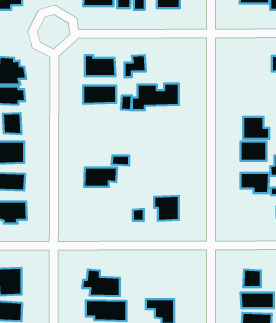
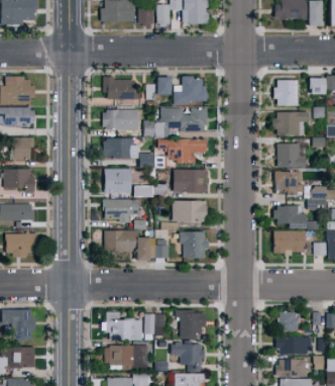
building: none -> [174,76,206,103]
building: none -> [274,79,299,105]
building: none -> [274,111,309,135]
building: none -> [103,138,137,158]
building: none -> [157,138,207,163]
building: none -> [103,168,131,193]
building: none -> [173,169,207,193]
building: none -> [173,200,206,221]
building: none -> [104,229,149,259]
building: none -> [272,230,305,255]
building: none -> [179,310,206,339]
building: none -> [144,313,165,334]

